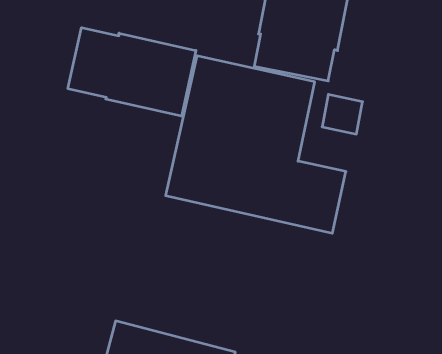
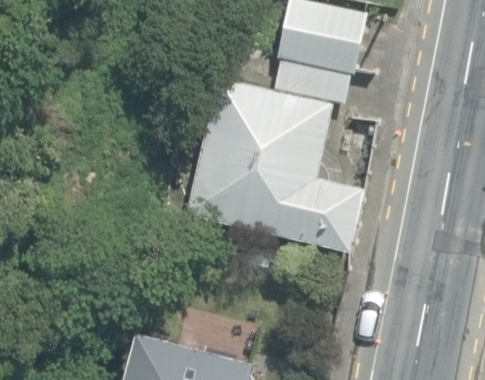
building: [68,28,196,116] -> none

